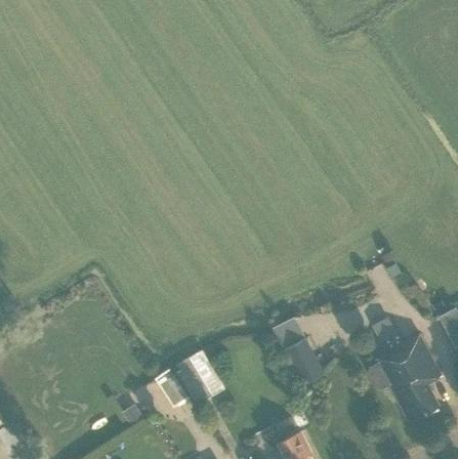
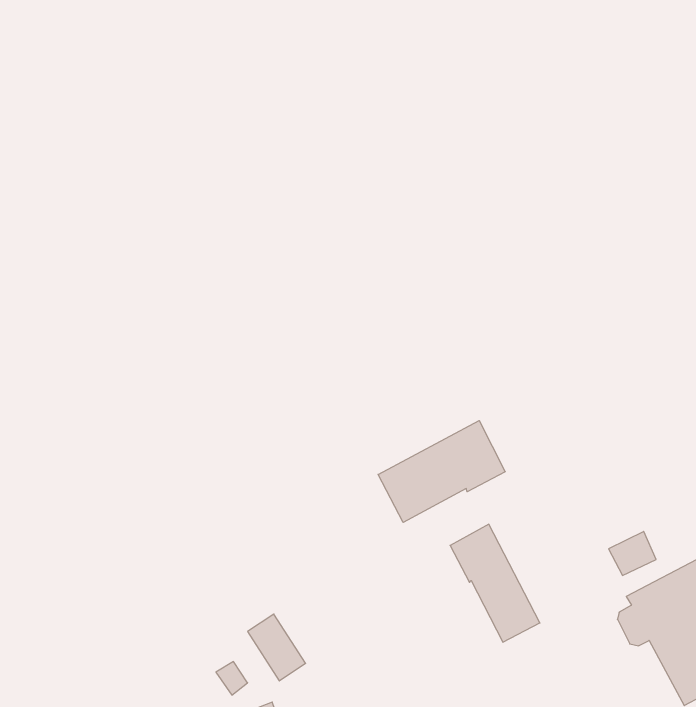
building: none -> [378,421,505,522]
building: [176,357,213,406] -> none

